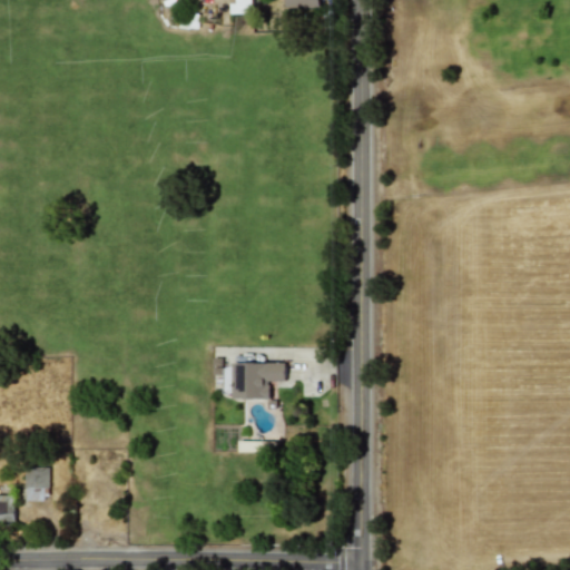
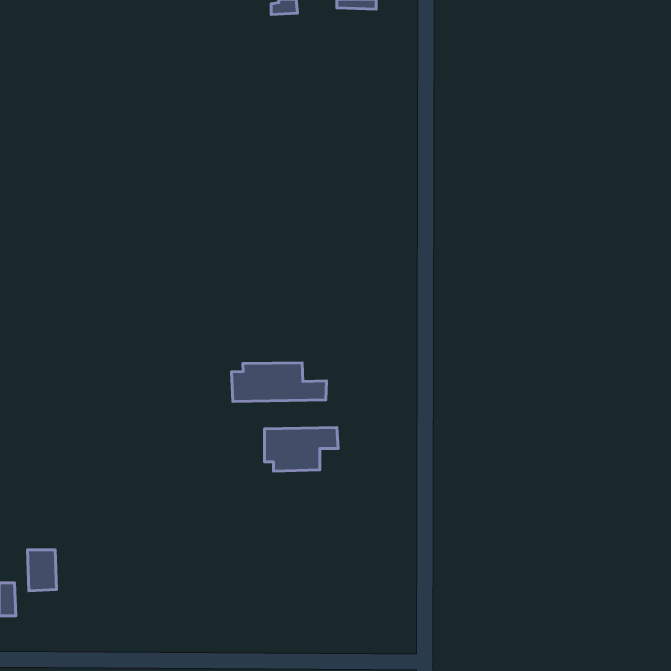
building: none -> [232,363,327,401]

